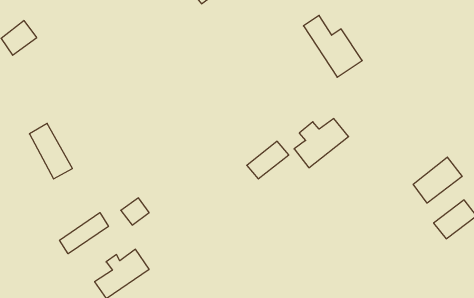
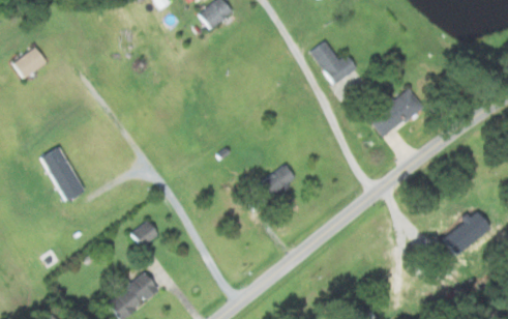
building: [294,119,349,168] -> [370,88,424,137]
building: [413,157,462,203] -> none
building: [60,213,108,254] -> none

